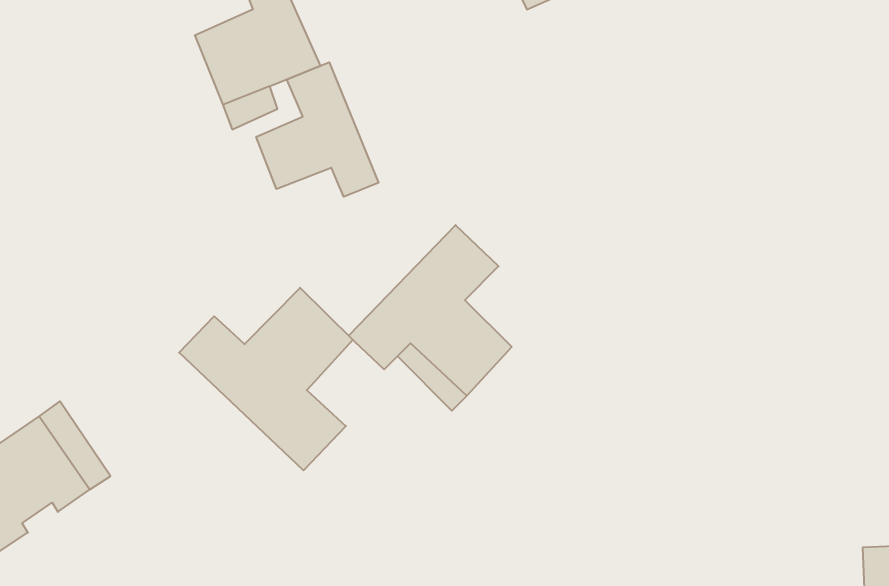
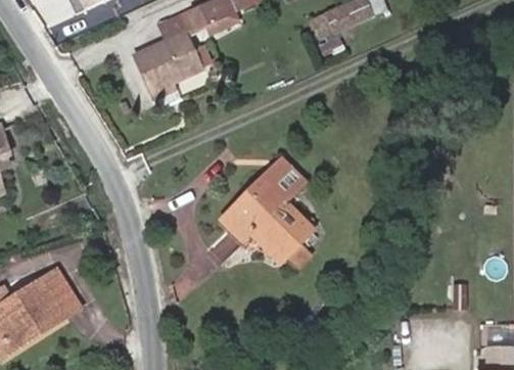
building: [256,62,379,197] -> none
building: [179,288,353,470] -> none

